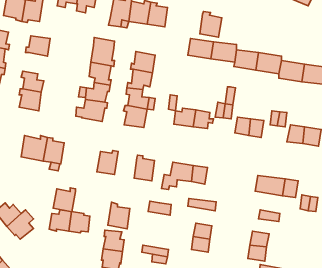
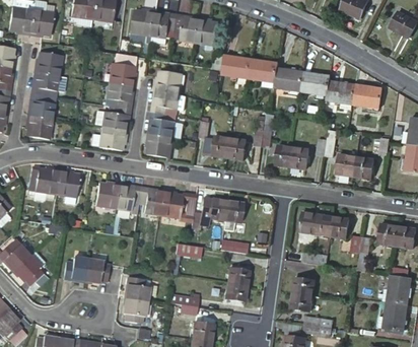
building: [200,12,222,37] -> [195,17,220,47]
building: none -> [31,72,60,96]
building: [53,188,75,212] -> [95,182,121,209]
building: [108,202,130,229] -> [137,186,162,216]

